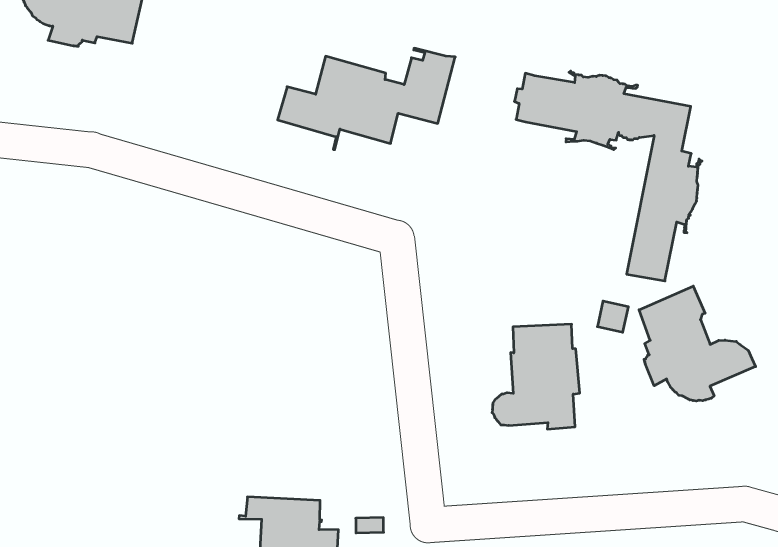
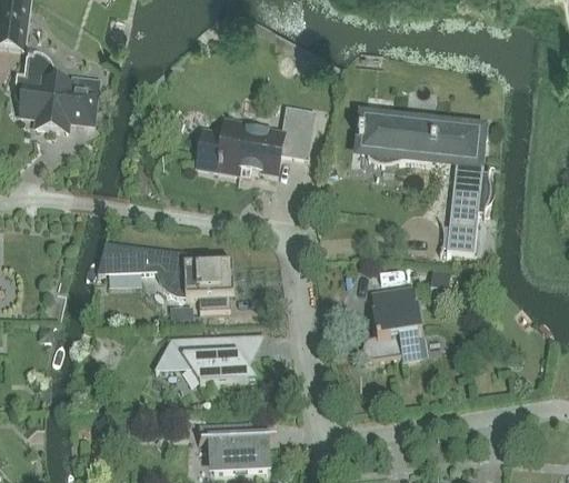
building: none -> [98,243,234,309]
building: [639,286,756,401] -> none
building: none -> [156,335,257,383]

